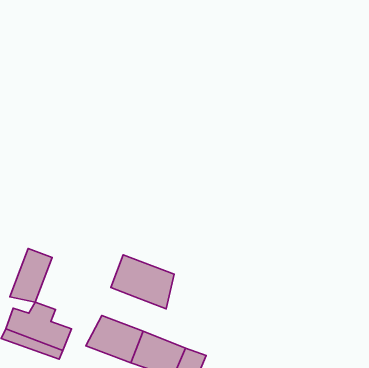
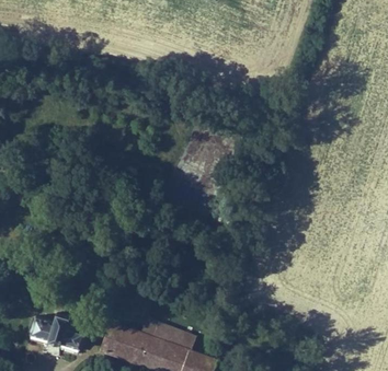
building: [10,249,52,302] -> none
building: [111,255,174,309] -> none

